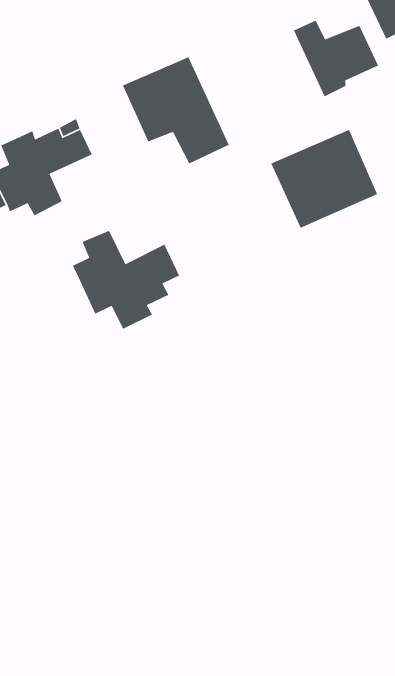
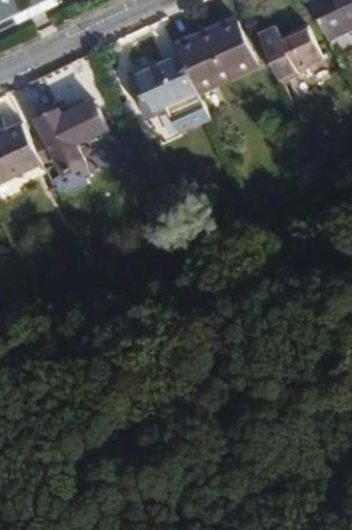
building: [270,129,378,229] -> [175,18,257,93]
building: [72,230,180,330] -> none

